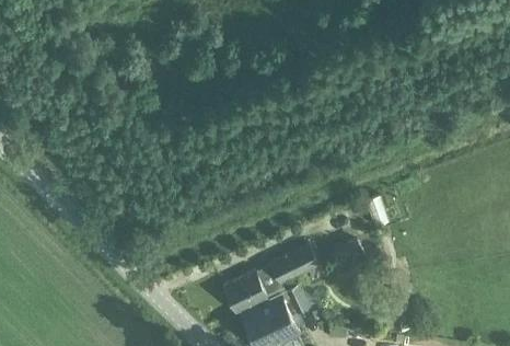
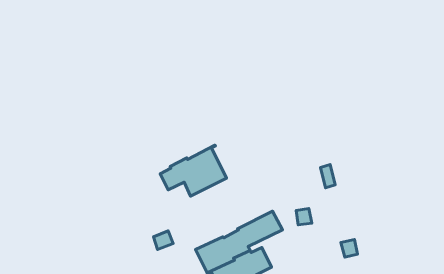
building: none -> [160,145,227,196]

